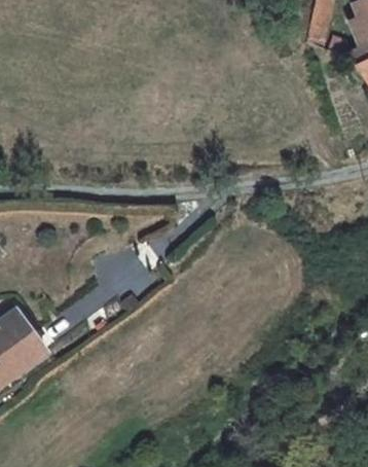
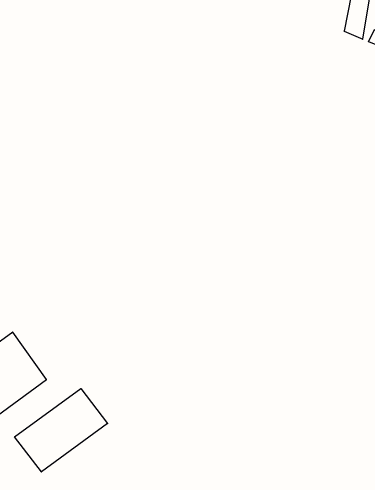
building: none -> [15,389,108,472]

